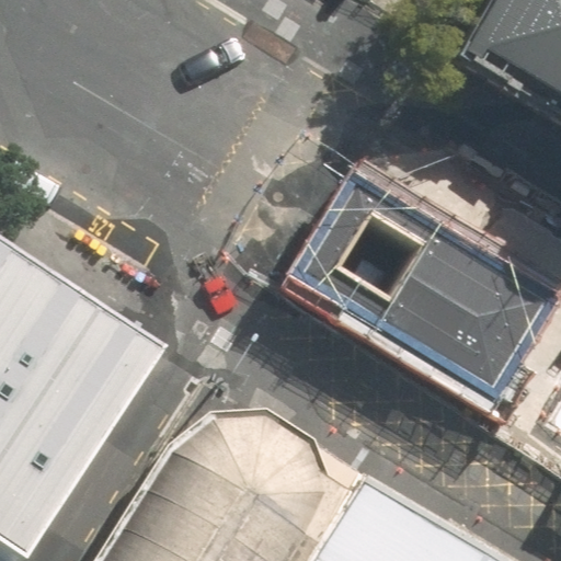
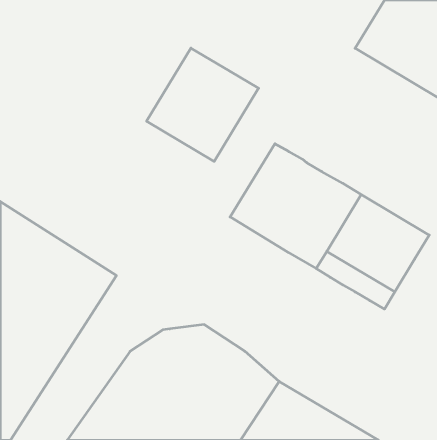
building: none -> [147,48,259,161]

